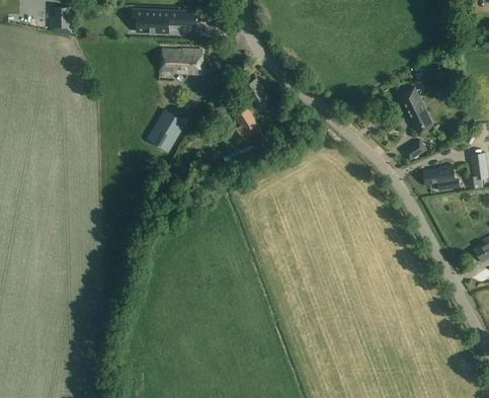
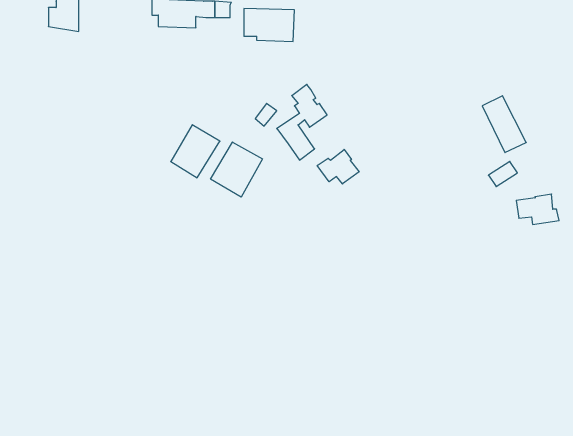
building: [162,48,202,74] -> [244,9,294,41]
building: none -> [211,142,262,197]
building: none -> [317,149,359,184]

